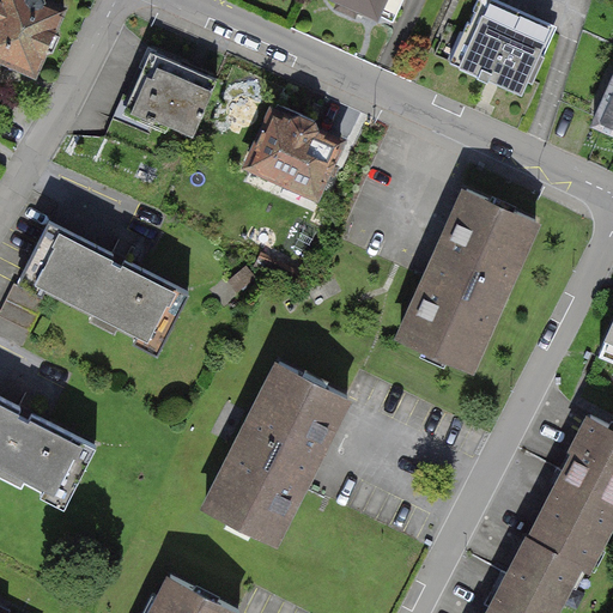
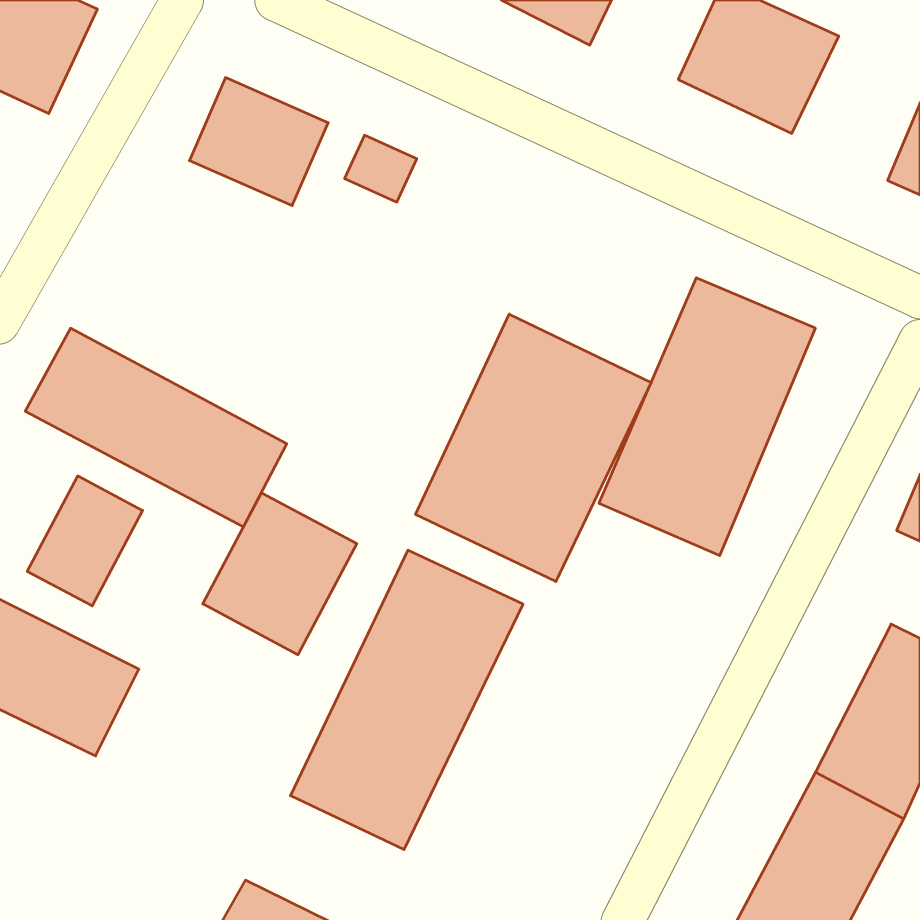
building: [249,111,345,205] -> none
building: none -> [416,314,651,582]
building: none -> [27,476,143,606]
building: none -> [203,493,357,655]

